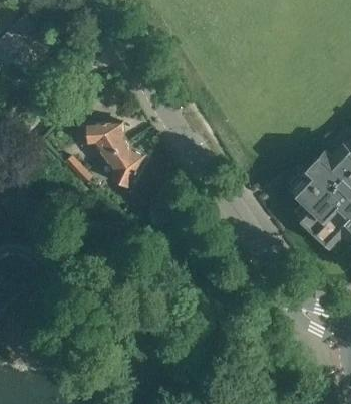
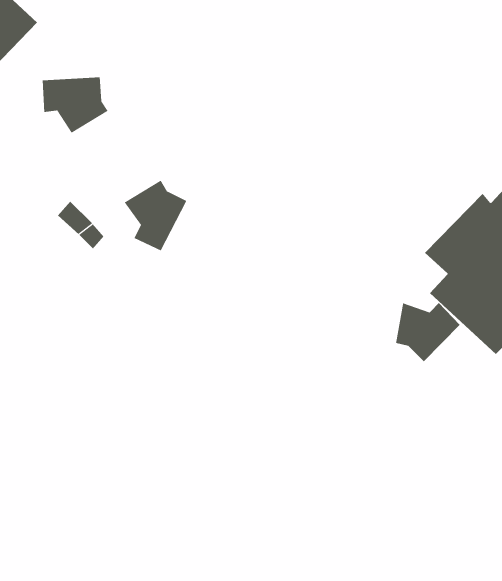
building: [85,121,126,156] -> [42,77,109,134]
building: none -> [395,302,461,362]

